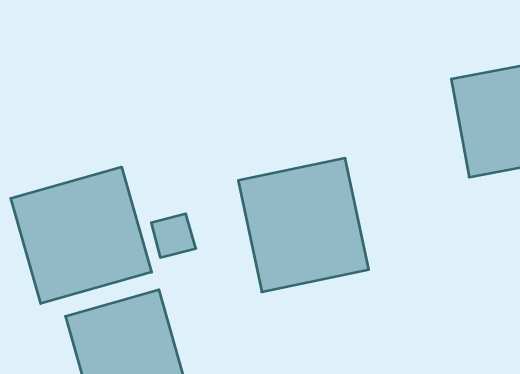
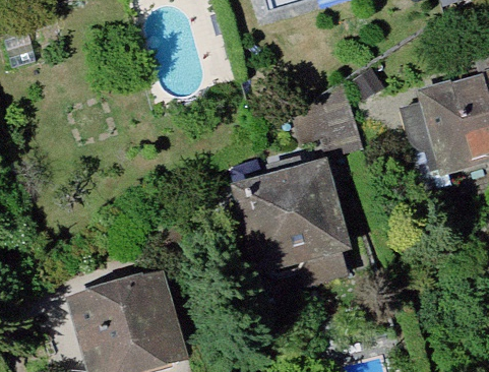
building: [11,167,152,304] -> none

